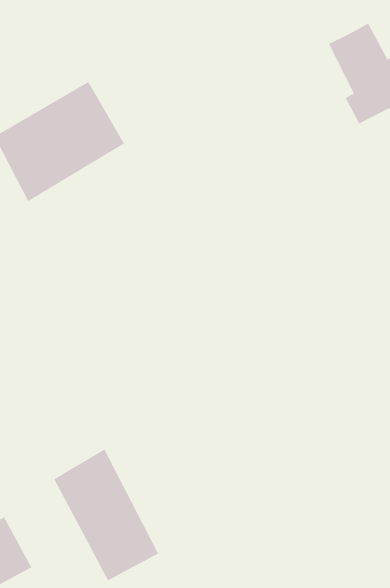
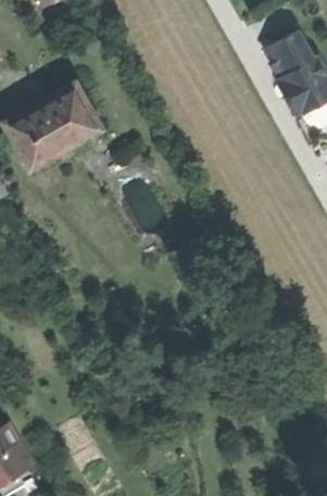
building: [54,448,159,581] -> none

